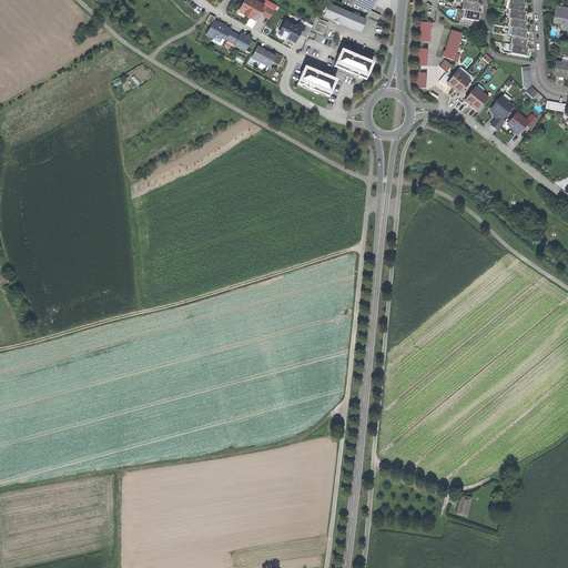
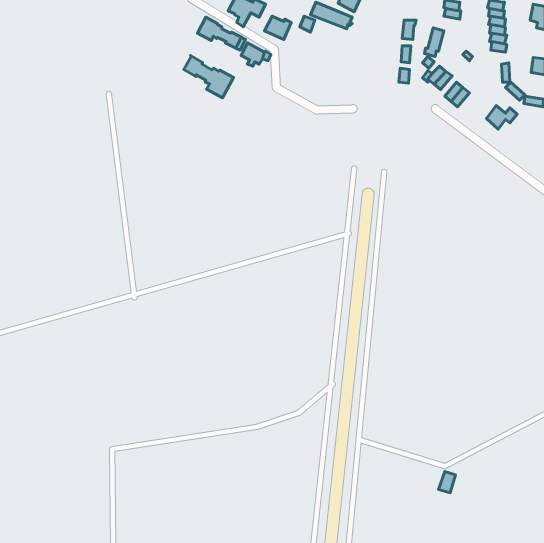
building: [335,48,374,79] -> none
building: none -> [184,55,233,98]
building: [298,65,337,95] -> none
building: [489,94,515,130] -> none

